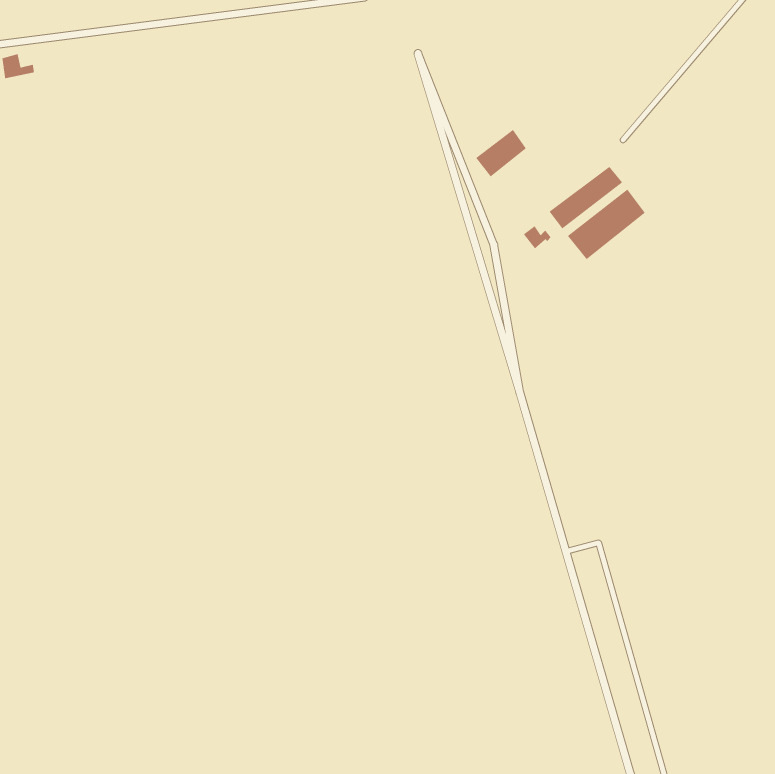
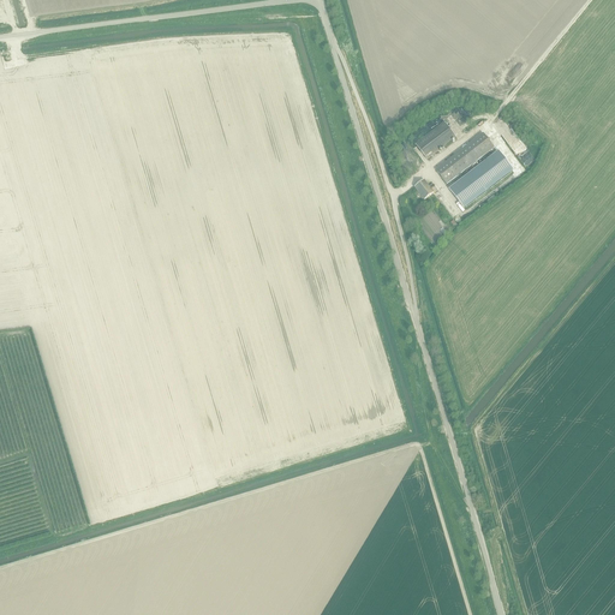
building: [475,129,527,177] -> [413,119,454,157]

